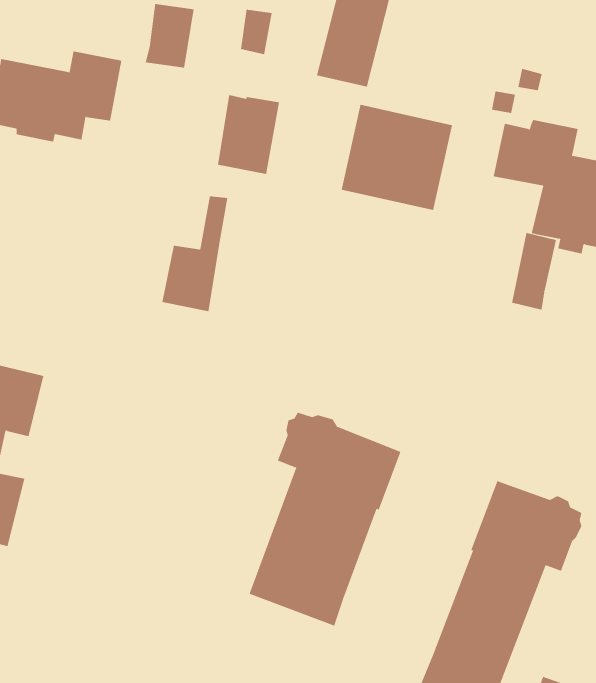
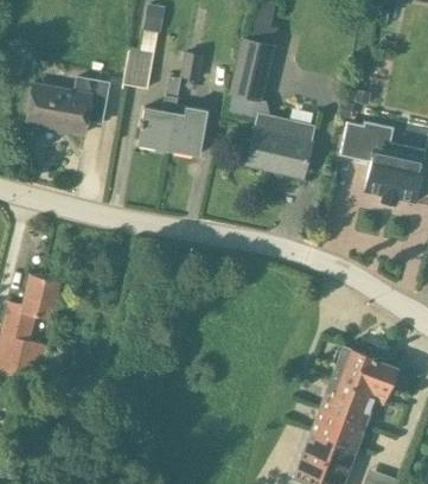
building: [162,196,228,312] -> [139,78,180,151]
building: [512,232,557,310] -> none
building: [249,412,401,627] -> none

